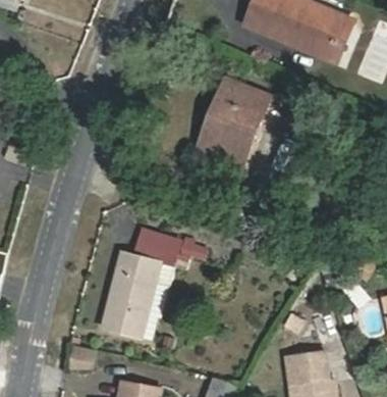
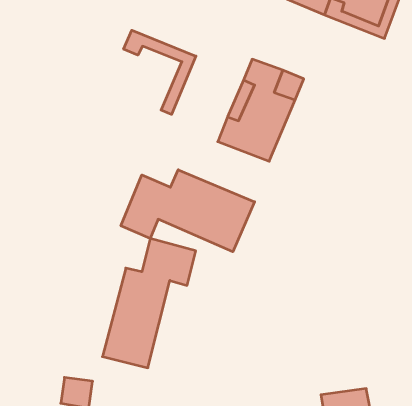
building: none -> [124,30,196,114]
building: none -> [121,170,255,252]

